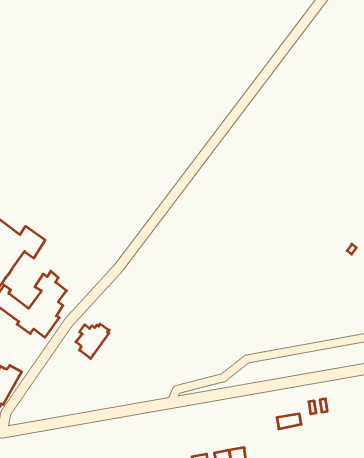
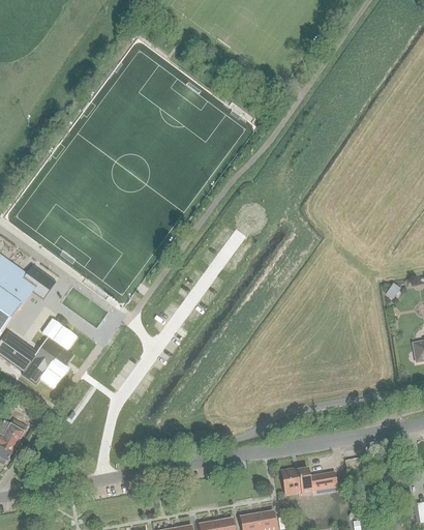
building: [76,324,109,359] -> none
building: none -> [280,468,310,494]

